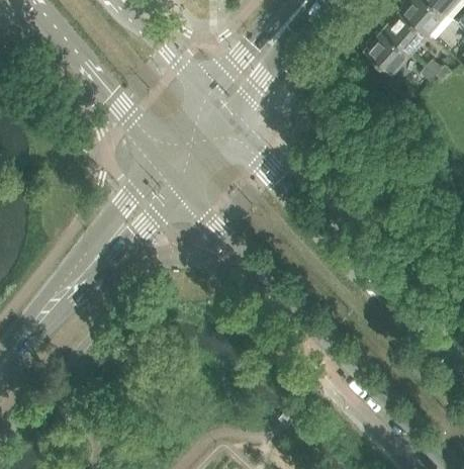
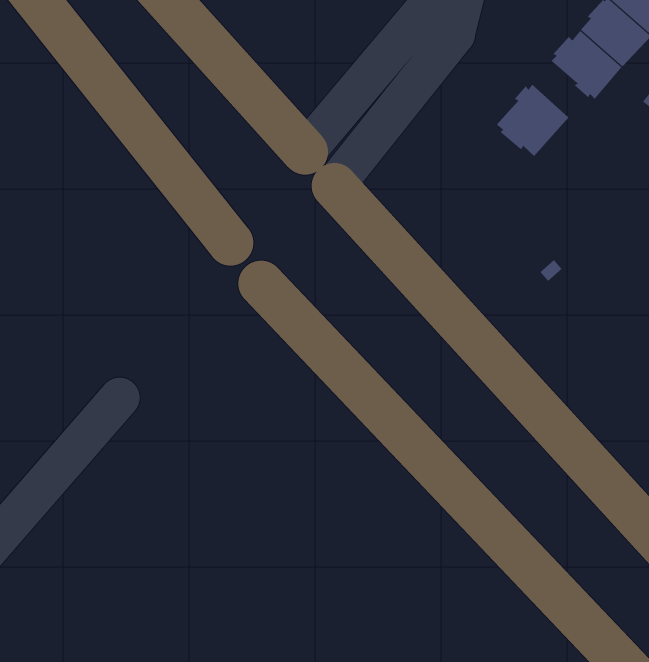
building: none -> [496,84,569,157]

